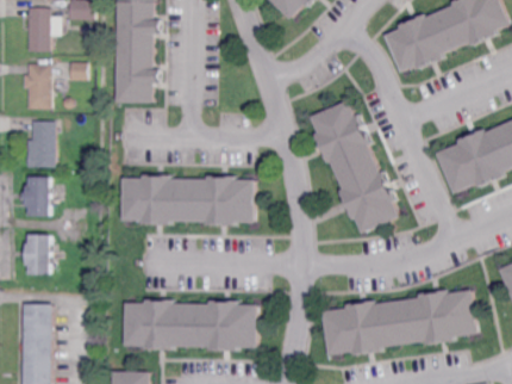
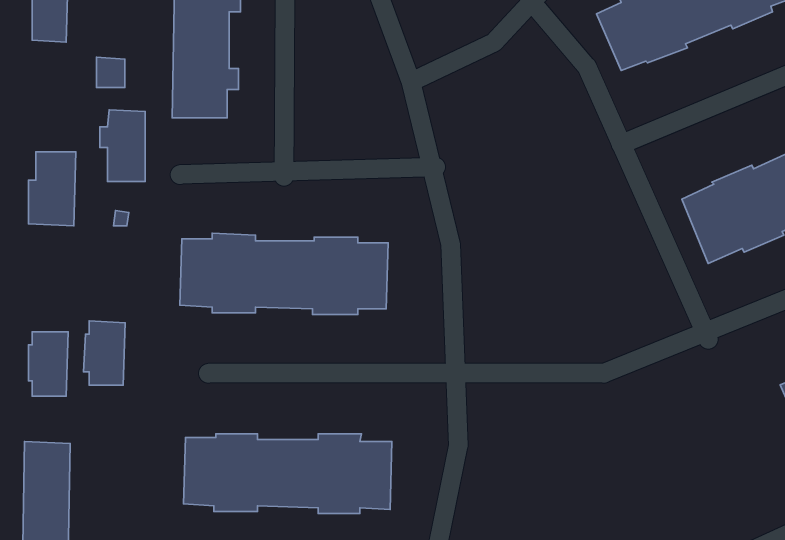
building: [23,66,51,111] -> [100,110,145,182]
building: [310,103,397,233] -> none
building: [25,178,51,218] -> [83,321,125,385]
building: [321,291,475,355] -> none

